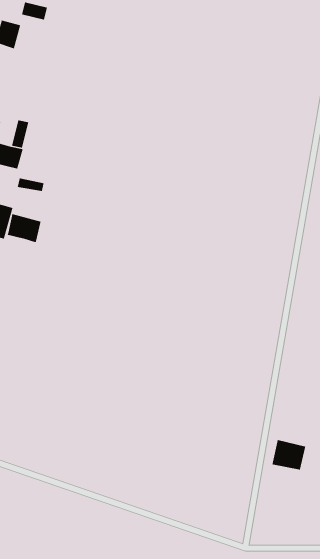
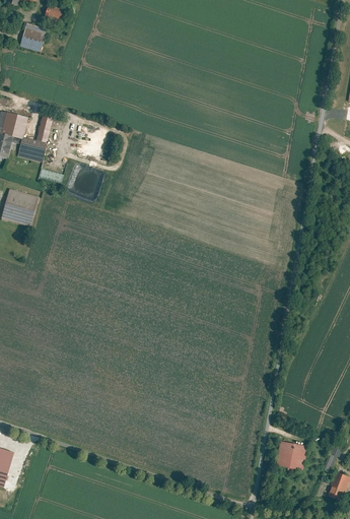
building: [6,213,41,243] -> none
building: [272,439,306,470] -> [276,440,307,468]

